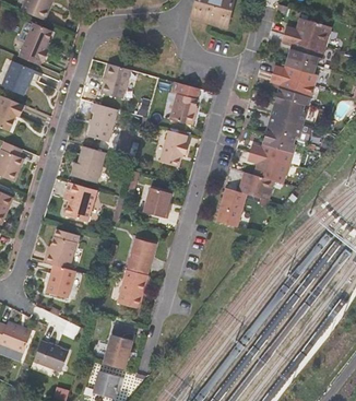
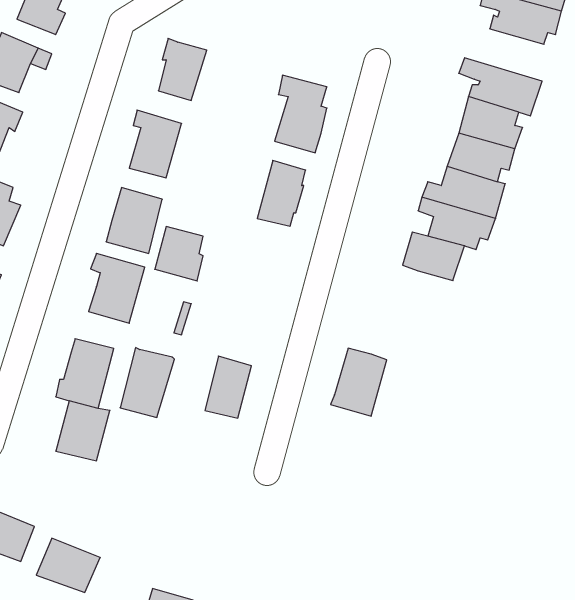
building: [274,56,321,85] -> none
building: [216,186,248,224] -> [331,348,387,416]
building: [141,188,168,219] -> [155,227,203,281]
building: [117,270,147,309] -> [120,348,174,417]
building: [102,335,131,370] -> none

